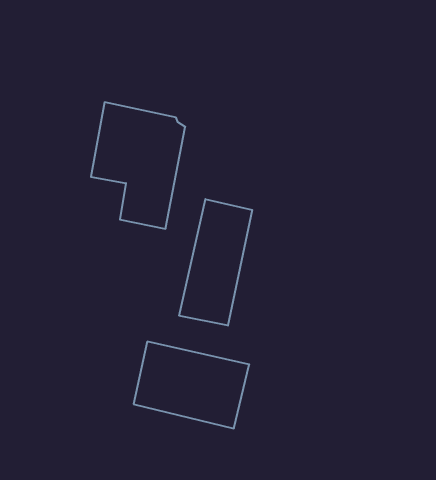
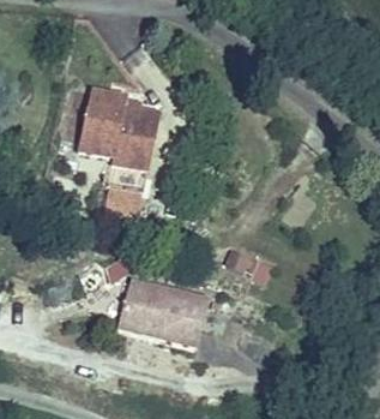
building: [179,199,252,326] -> none

